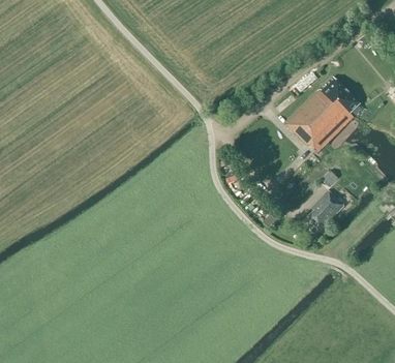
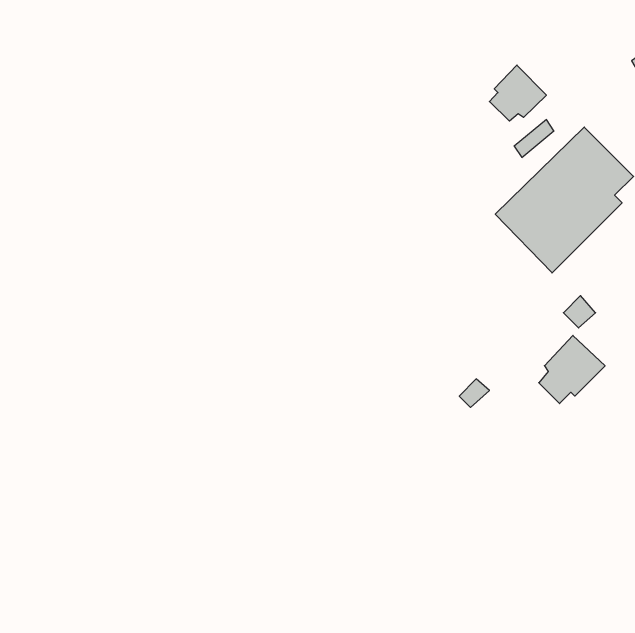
building: none -> [489,65,546,121]

